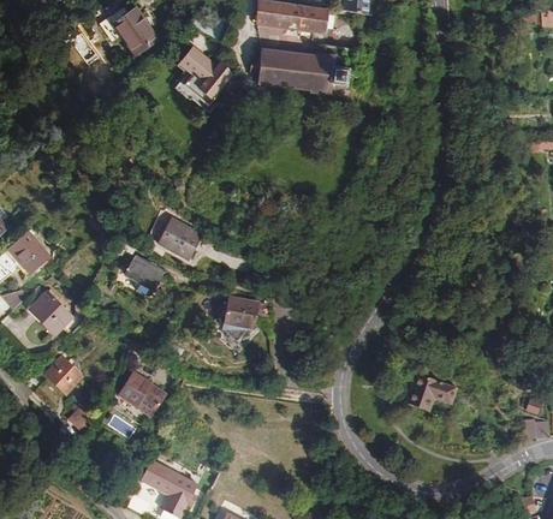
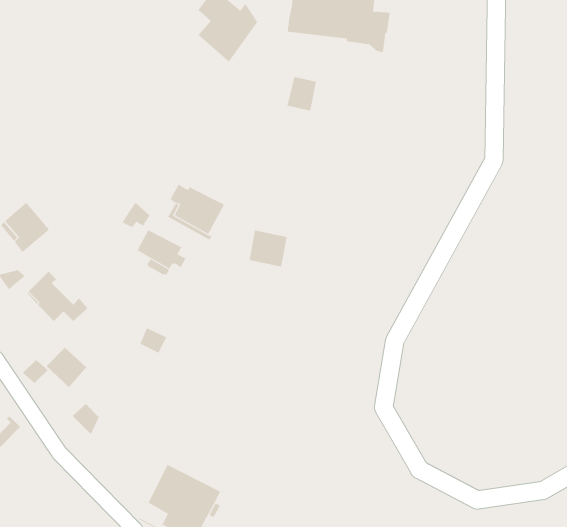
building: none -> [287,76,316,111]
building: [224,296,257,328] -> [249,230,287,267]
building: [118,371,165,414] -> none
building: [406,372,456,410] -> none

